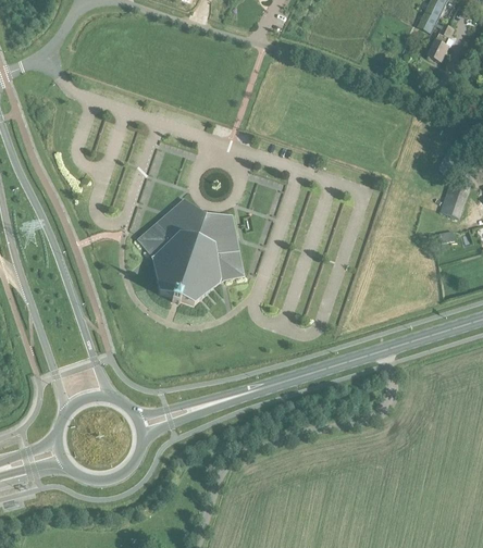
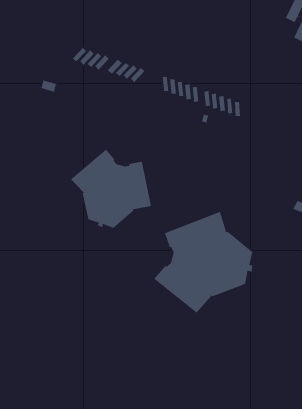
building: none -> [153,211,253,314]

